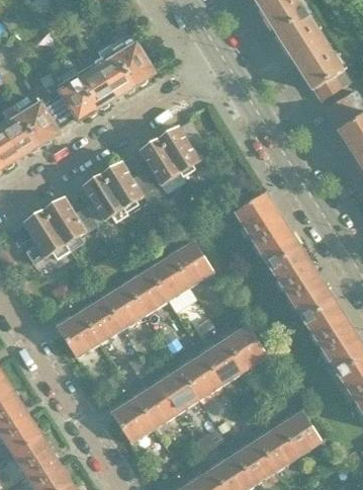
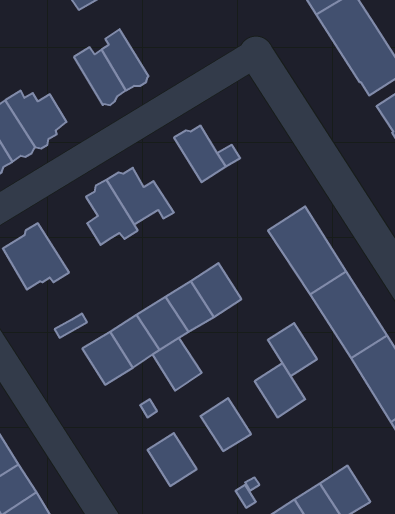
building: [111,36,152,85] -> none
building: [53,68,97,123] -> none
building: [140,136,180,198] -> none
building: [42,196,95,249] -> none
building: [58,313,99,357] -> none
building: [202,340,244,385] -> [268,323,317,376]
building: [157,370,198,414] -> [152,338,202,391]
building: [112,398,154,442] -> none

